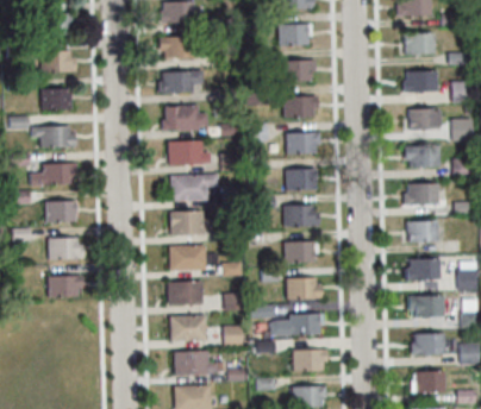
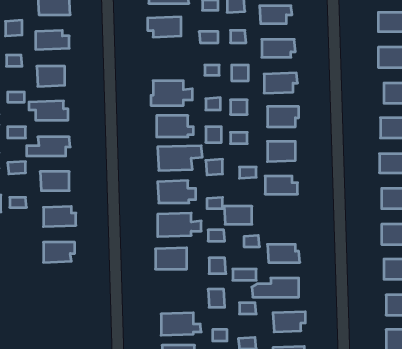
building: [158,73,204,93] -> none
building: [285,244,314,263] -> [224,206,252,224]
building: [170,317,206,341] -> none

